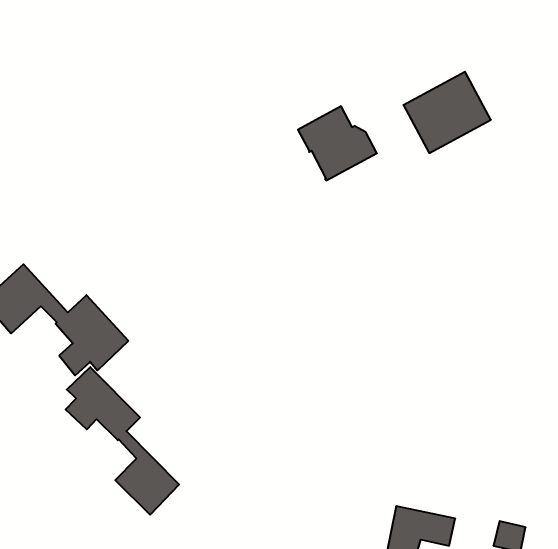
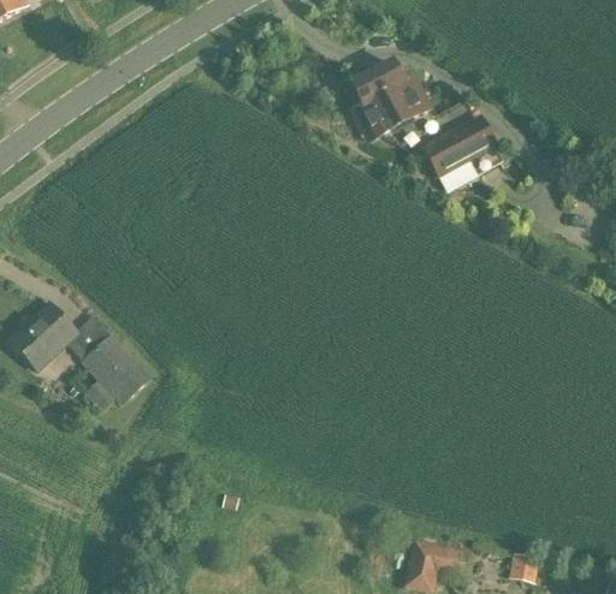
building: [298,106,377,180] -> [350,60,427,132]
building: [66,367,179,515] -> none

